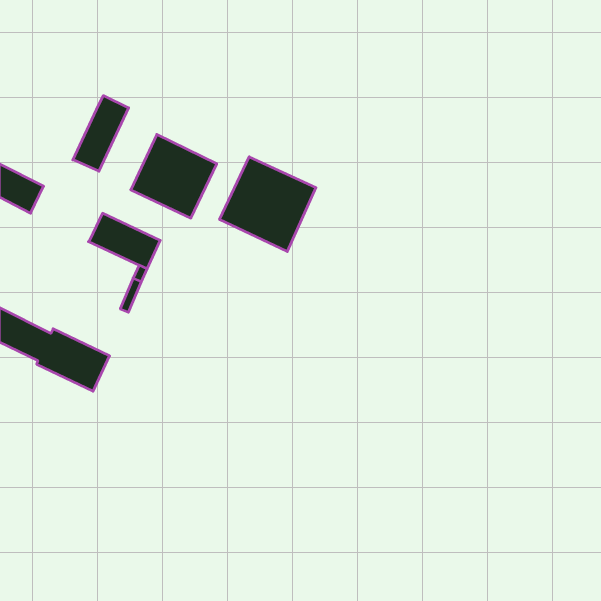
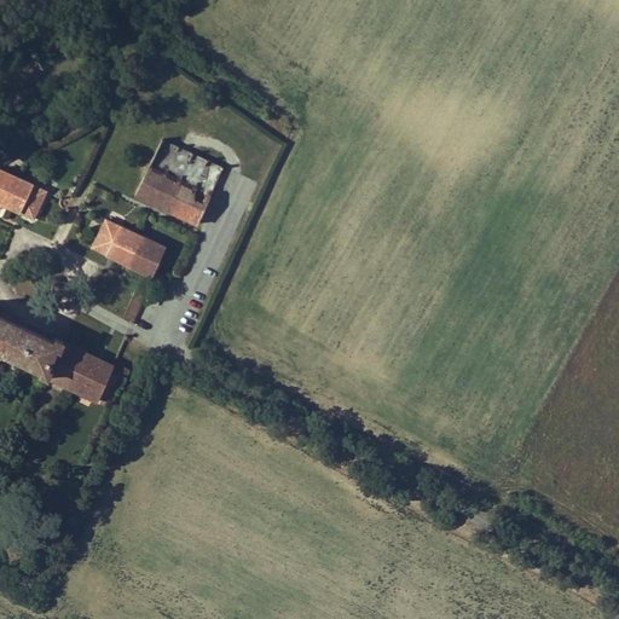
building: [73,96,129,171] -> none
building: [220,157,316,252] -> none

